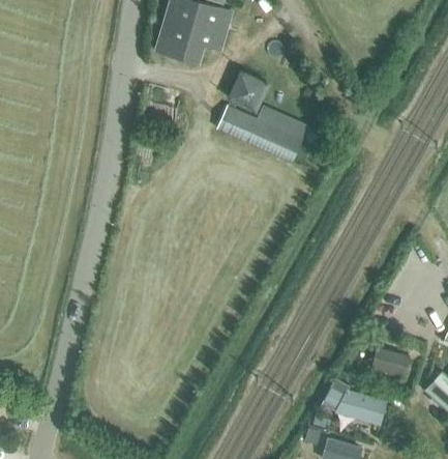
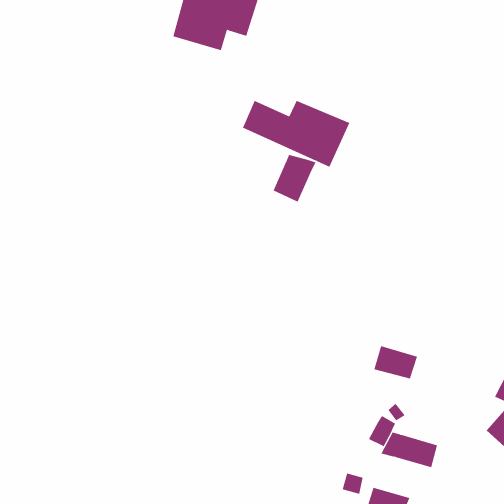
building: [229,71,270,114] -> none
building: none -> [273,154,317,203]
building: [371,347,410,376] -> [373,346,418,379]

